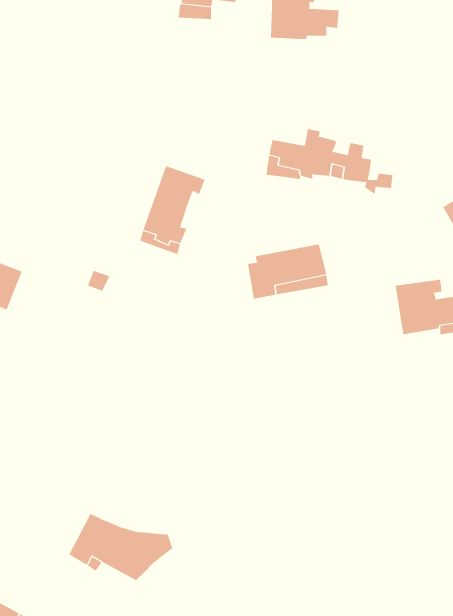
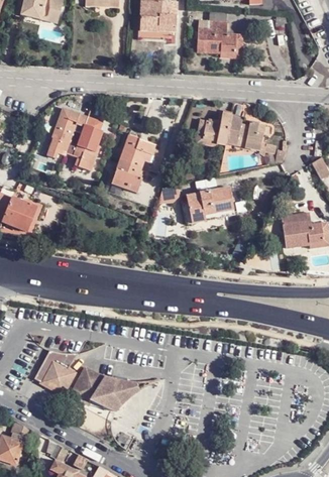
building: none -> [46,109,103,171]
building: none -> [29,350,71,390]

